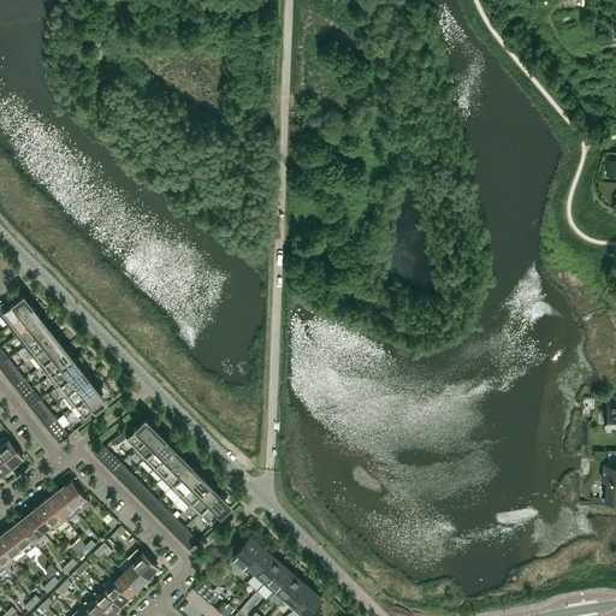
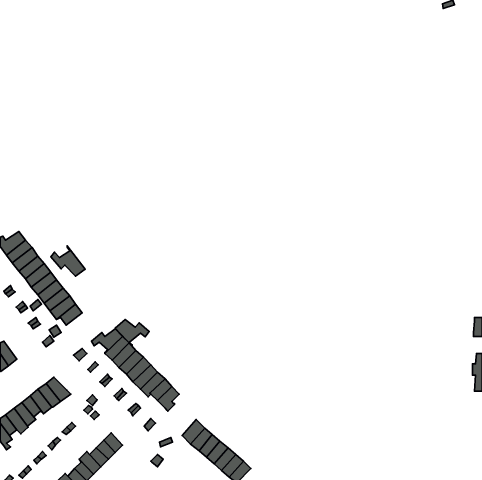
building: none -> [51,246,85,276]
building: none -> [115,319,149,346]

